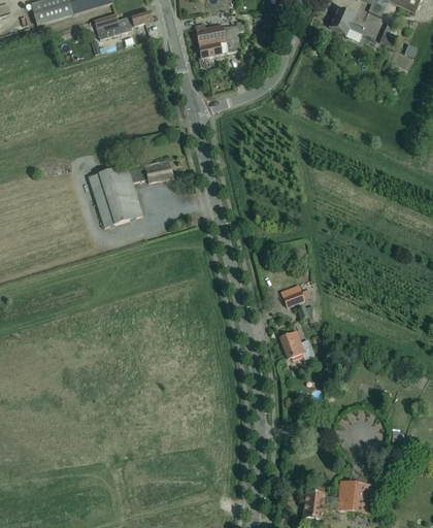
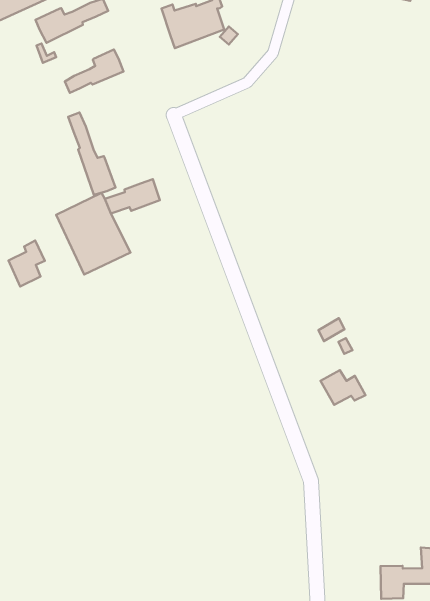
building: none -> [65,50,124,93]
building: none -> [68,112,116,195]
building: none -> [9,241,45,286]

